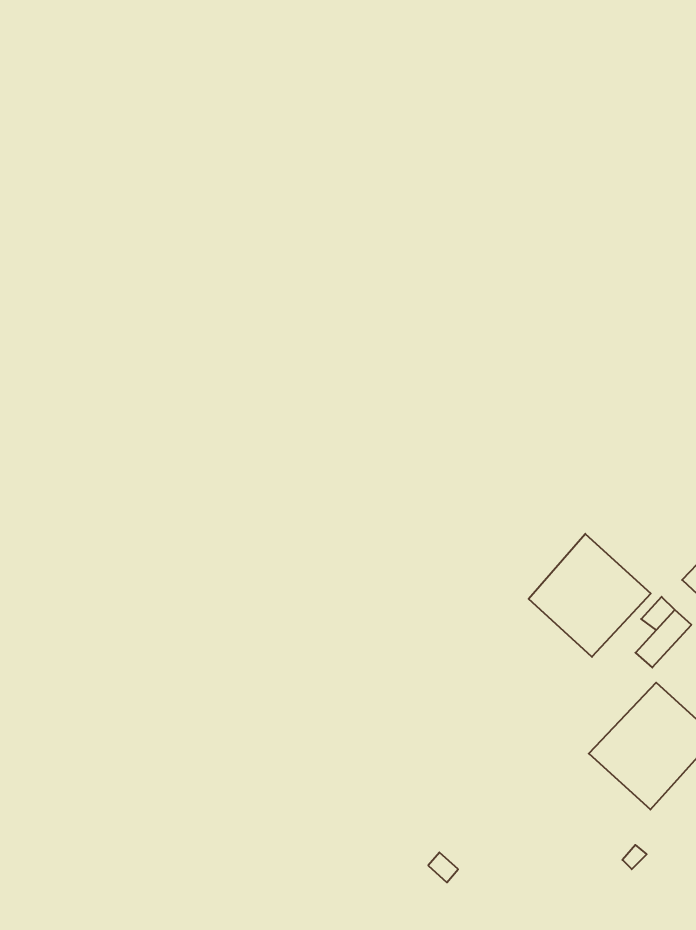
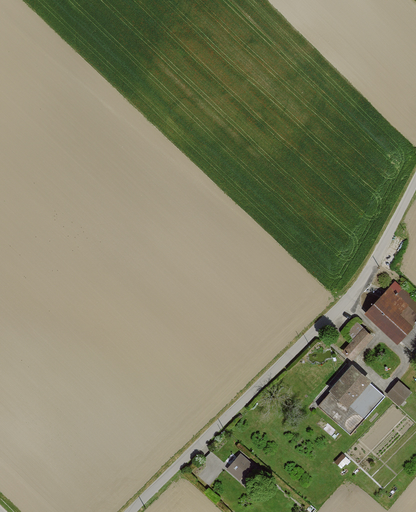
building: [529,534,651,657] -> none

